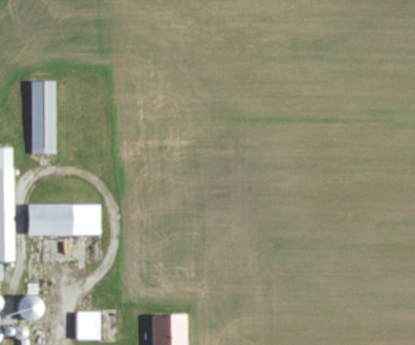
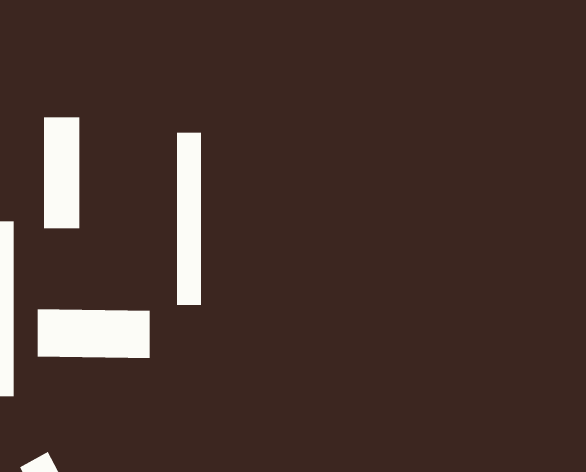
building: none -> [176,132,201,306]

